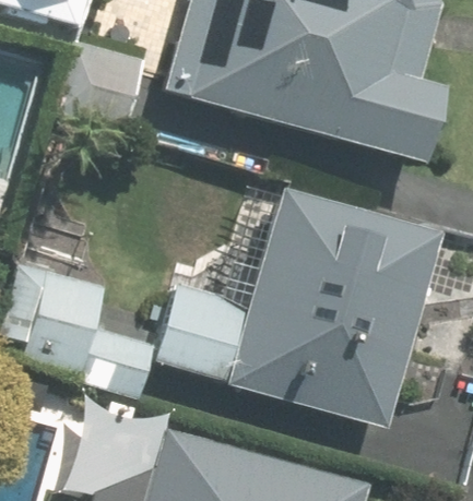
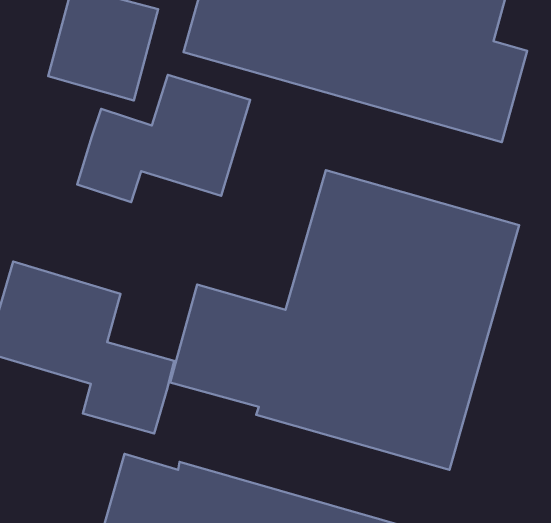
building: none -> [77,75,250,202]

